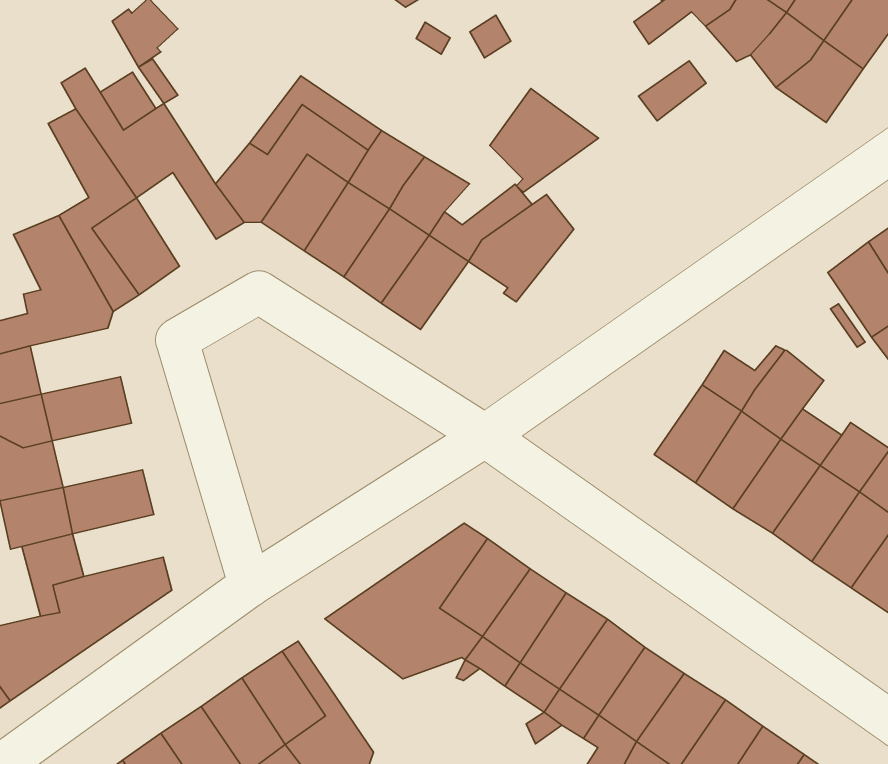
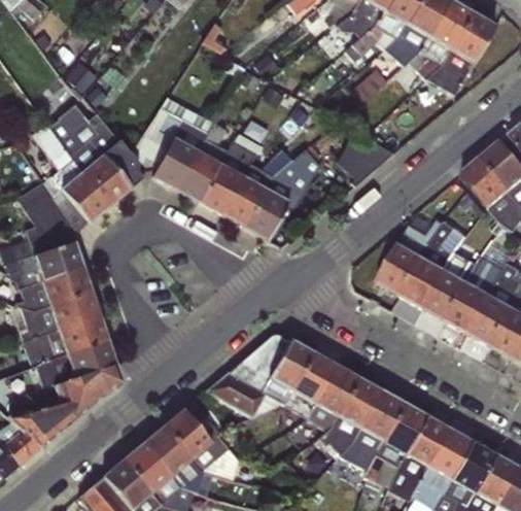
building: [490,88,599,192] -> [336,130,394,186]
building: none -> [84,155,130,205]
building: none -> [245,189,290,241]
building: none -> [34,242,84,281]
building: none -> [50,293,101,331]
building: none -> [66,341,116,378]

